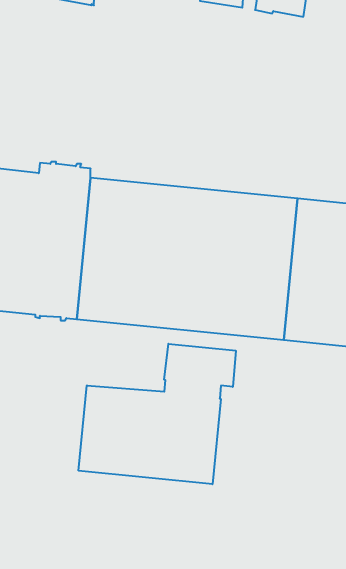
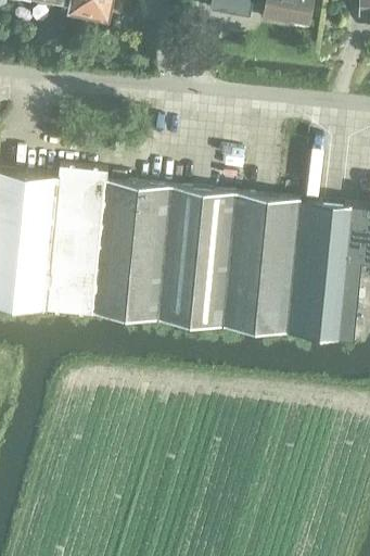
building: [79,344,236,484] -> none

